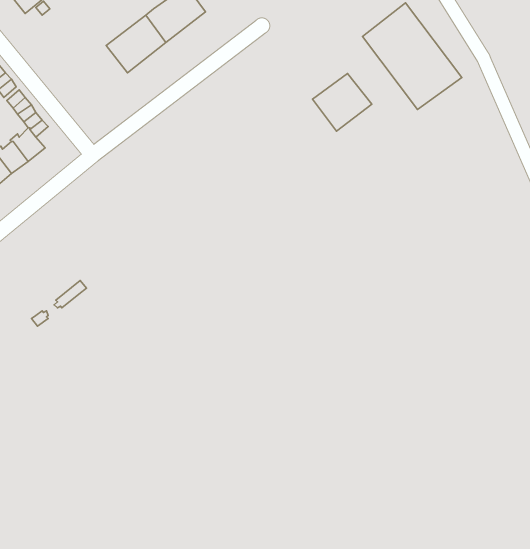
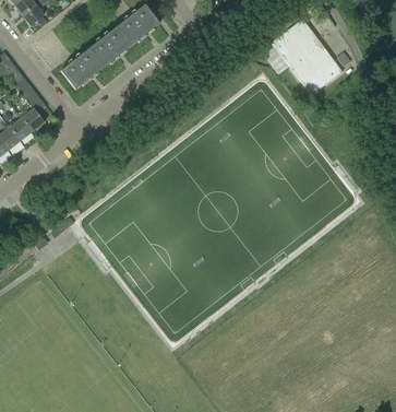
building: none -> [60,48,103,90]
building: [312,74,372,131] -> none

